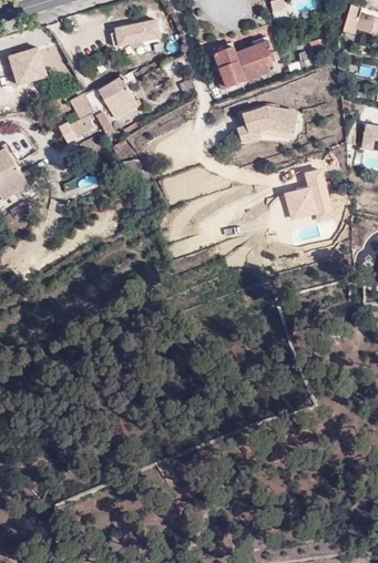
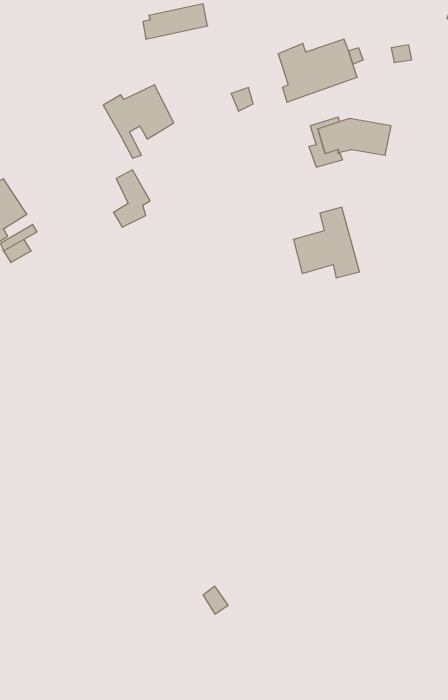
building: [9,47,45,82] -> none
building: [67,94,94,137] -> [113,170,150,227]
building: [285,167,335,221] -> [293,207,360,278]

